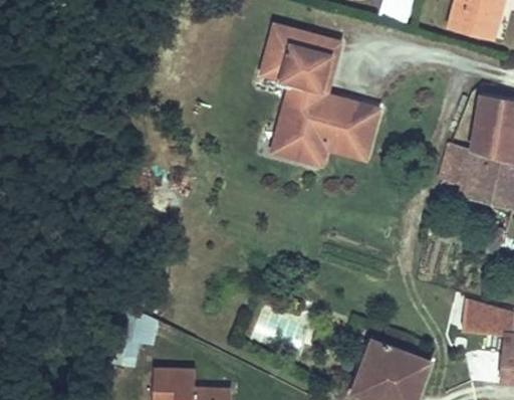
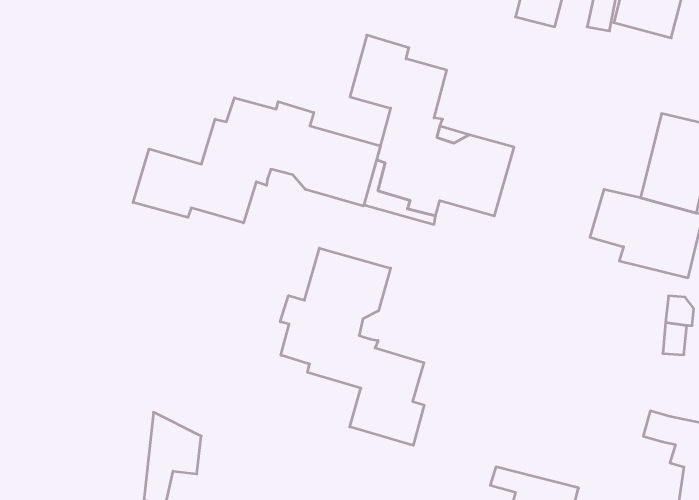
building: [274,27,341,92] -> none
building: none -> [133,98,380,223]
building: none -> [280,248,424,445]

